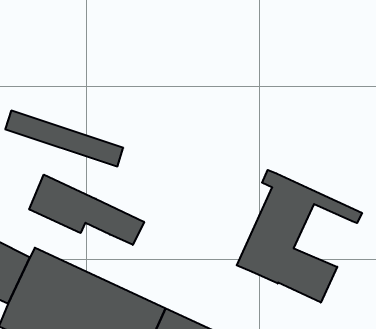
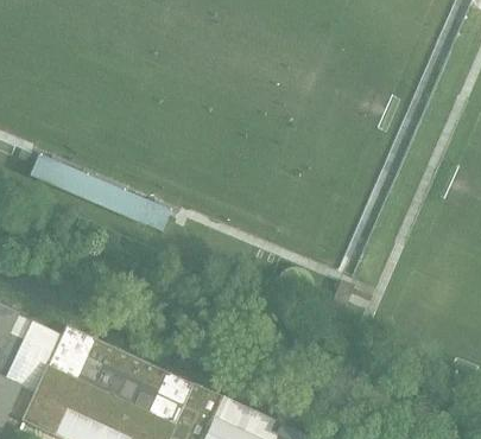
building: [237,170,362,303] -> none
building: [29,175,144,245] -> none

